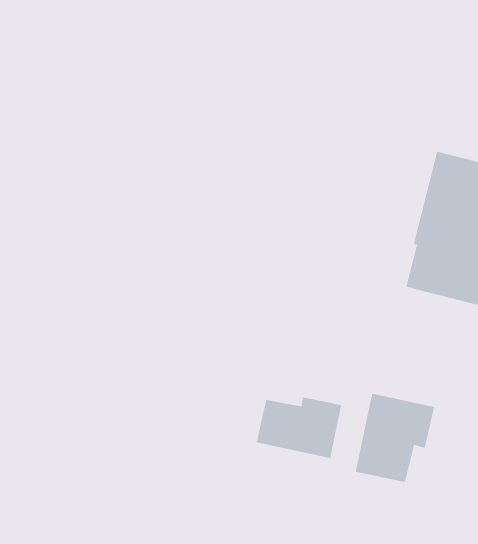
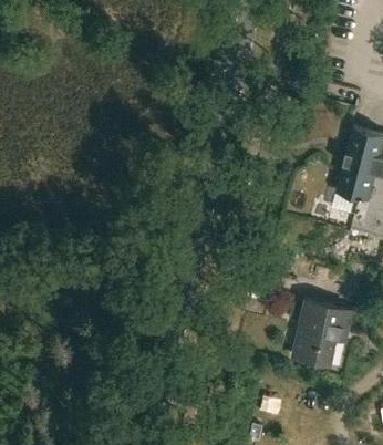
building: [256,396,342,459] -> none

